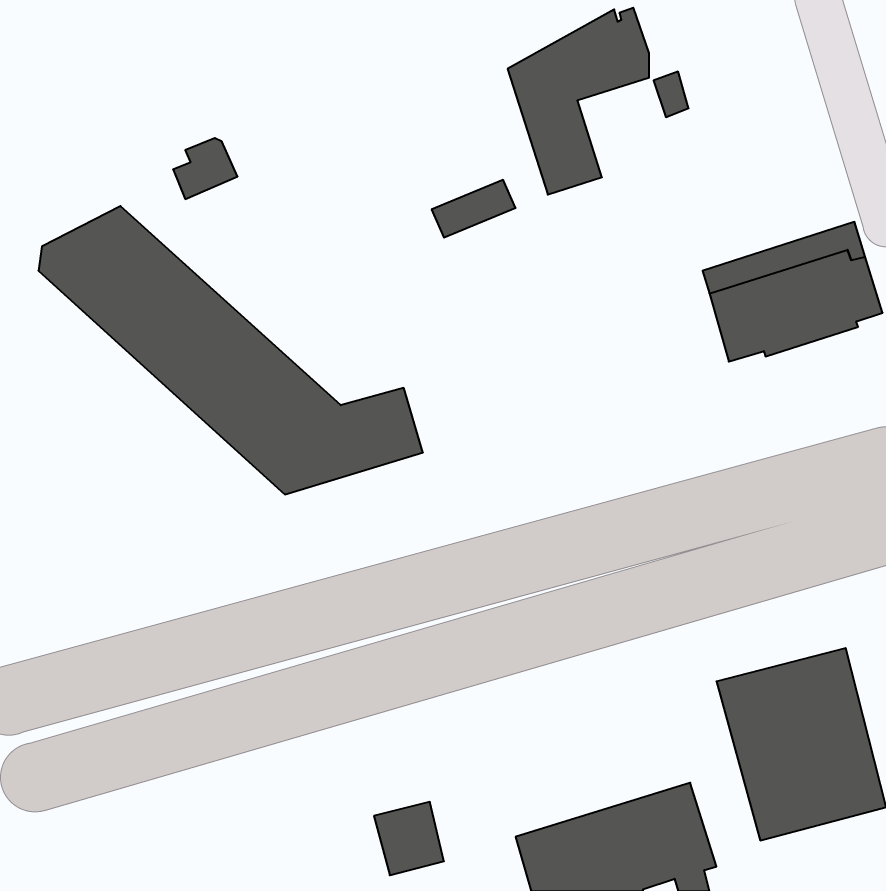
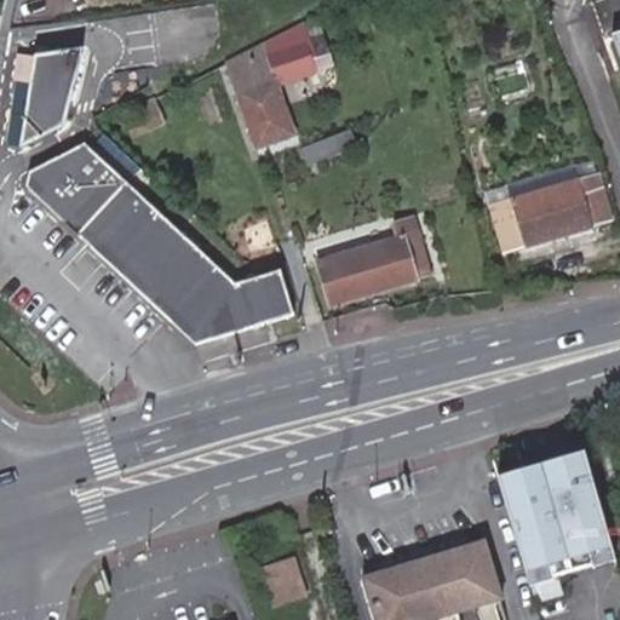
building: [508,8,649,195] -> [231,18,329,148]
building: none -> [22,50,81,148]
building: none -> [320,213,435,305]

